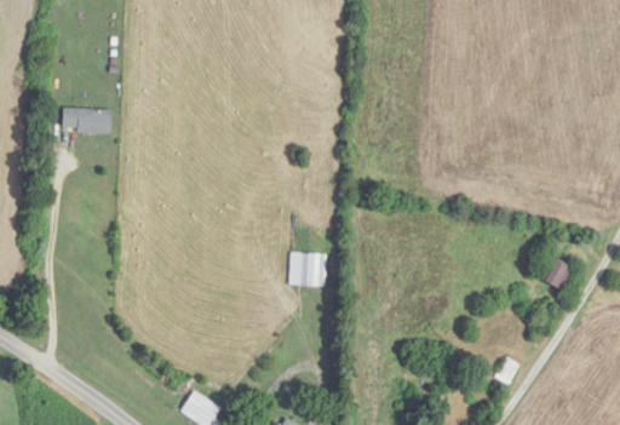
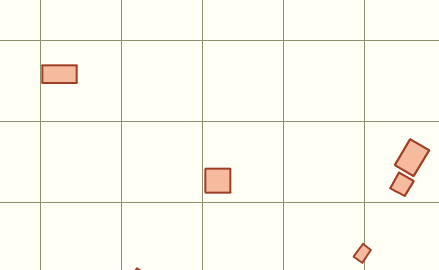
building: none -> [395,139,429,176]

